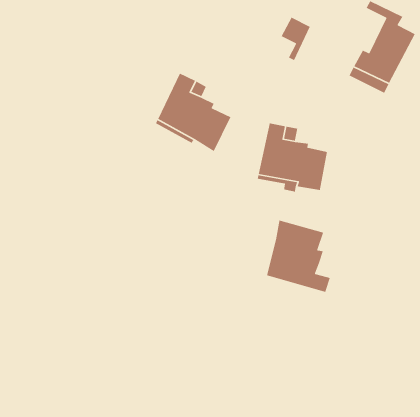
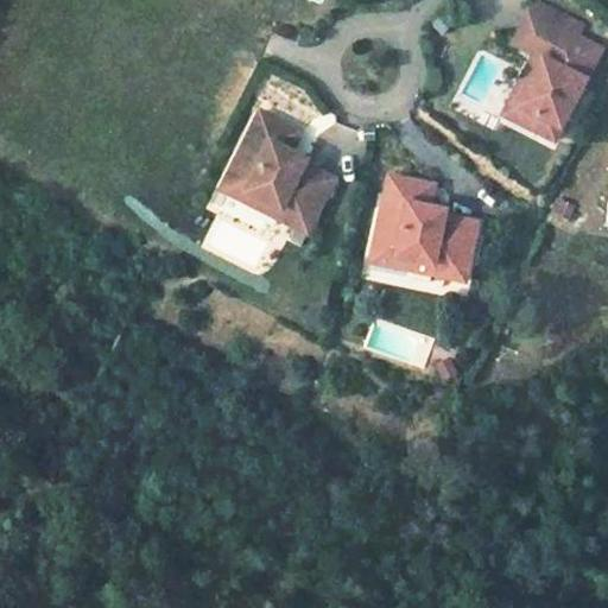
building: [280,17,311,61] -> [512,17,556,81]
building: [266,220,331,293] -> none

